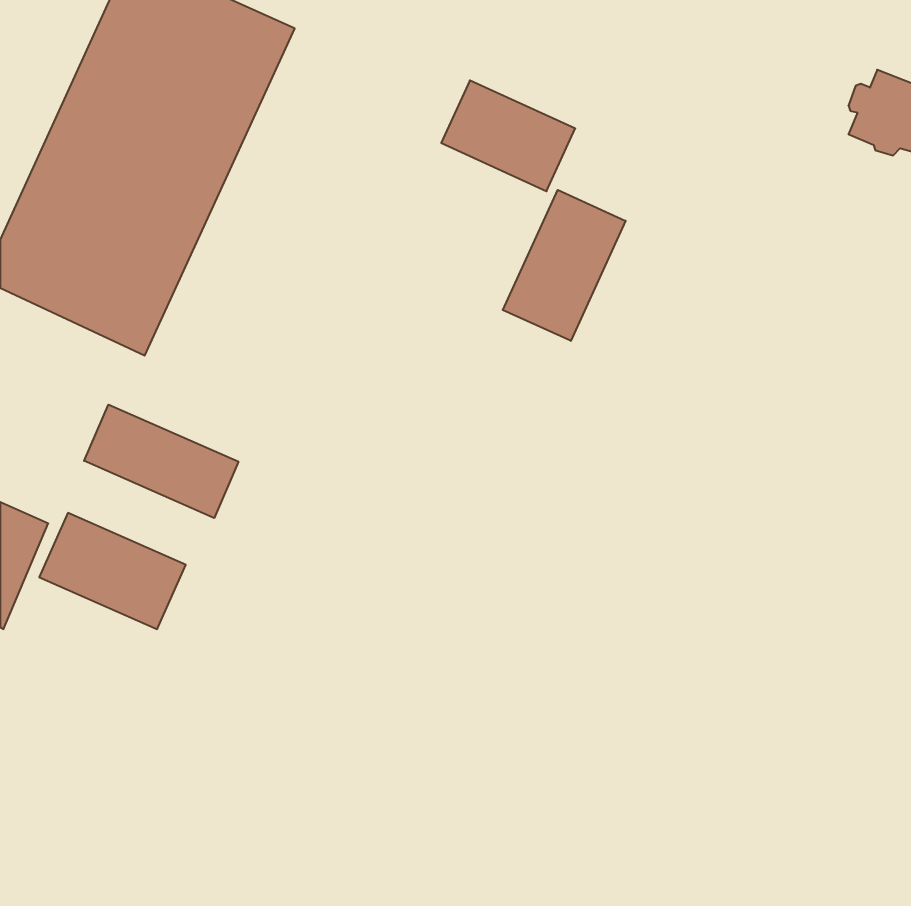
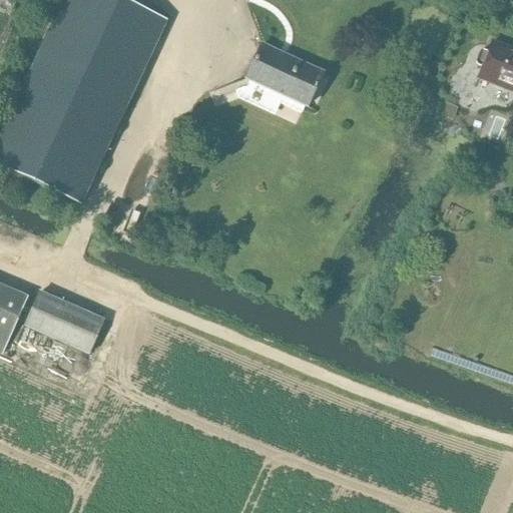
building: [503,190,626,341] -> none
building: [84,405,238,518] -> none

